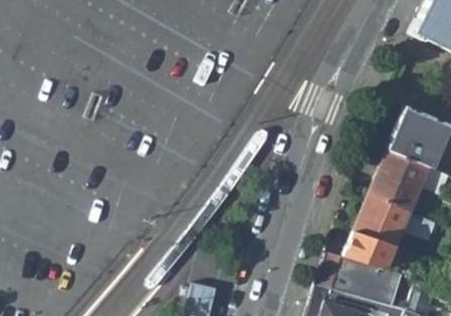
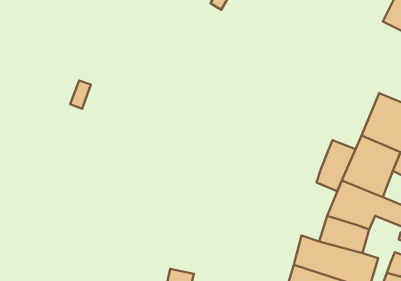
building: none -> [316,140,355,191]

